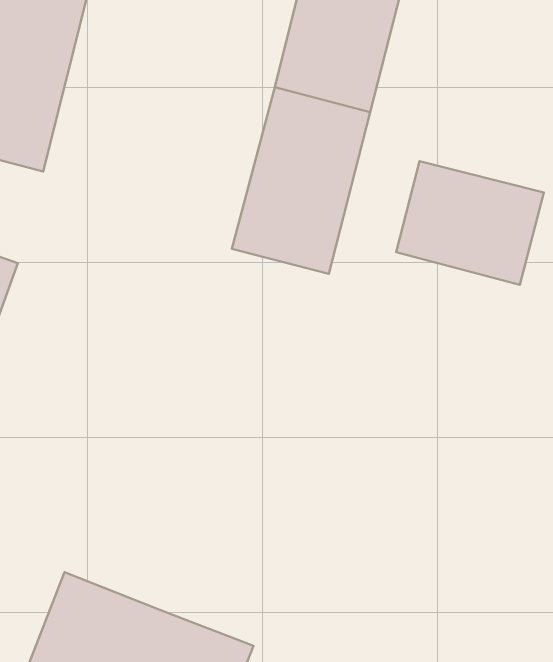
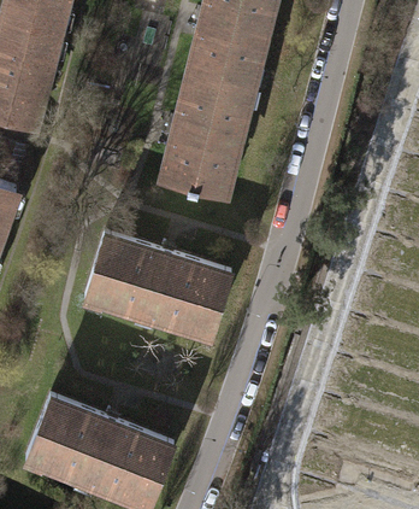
building: [396,161,544,285] -> none
building: none -> [85,234,231,335]

